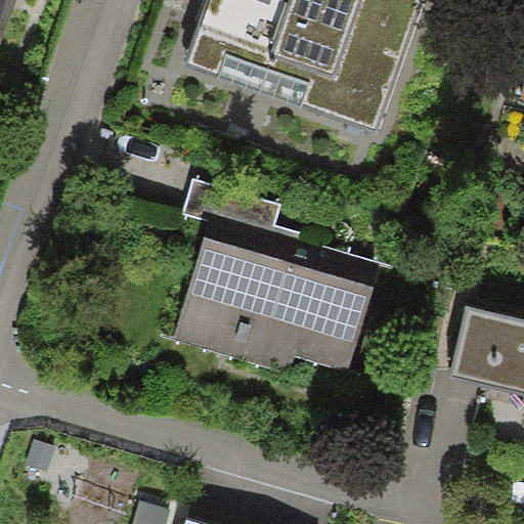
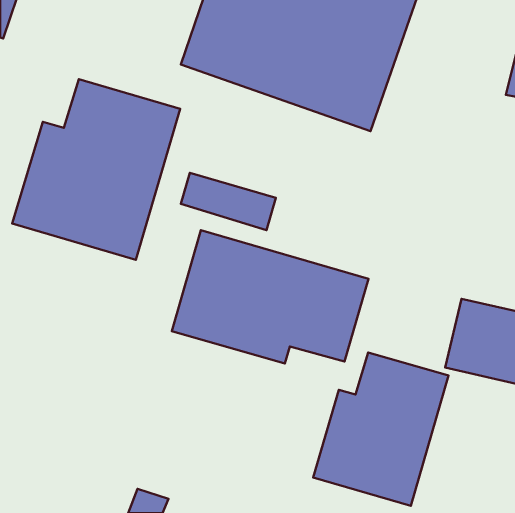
building: none -> [12,79,180,260]
building: none -> [313,352,448,506]

